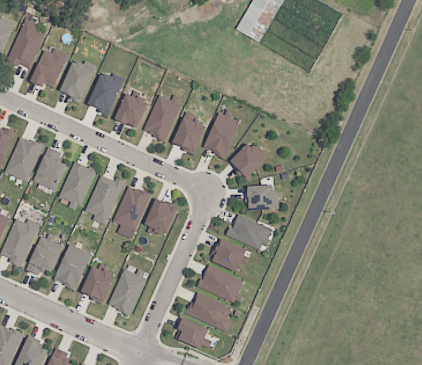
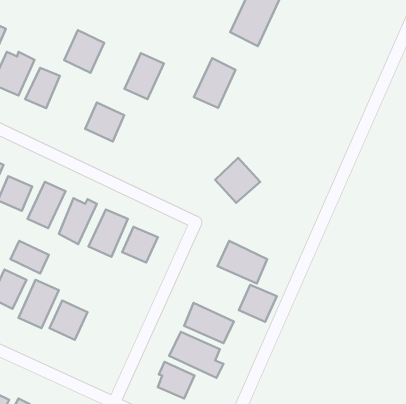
building: [87,73,122,110] -> [64,30,104,73]
building: [146,99,180,139] -> [125,53,164,99]
building: [169,114,205,155] -> none
building: [202,114,238,157] -> [194,58,235,108]
building: [244,185,271,210] -> none
building: none -> [10,241,49,273]
building: [212,240,245,272] -> [239,285,277,322]
building: [110,269,147,313] -> none

